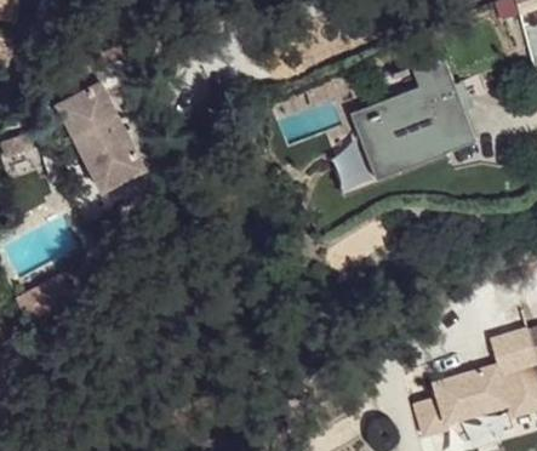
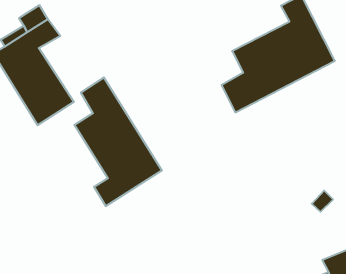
building: none -> [74,77,162,206]

